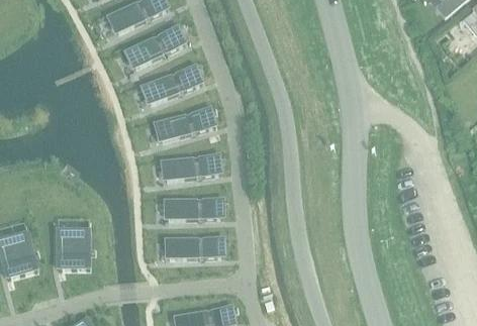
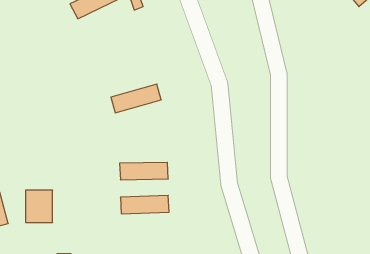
building: [125,25,184,67] -> none
building: [142,65,201,103] -> none
building: [163,153,220,180] -> none

